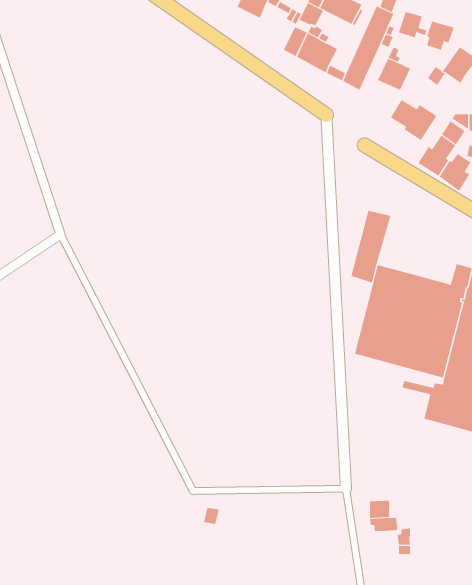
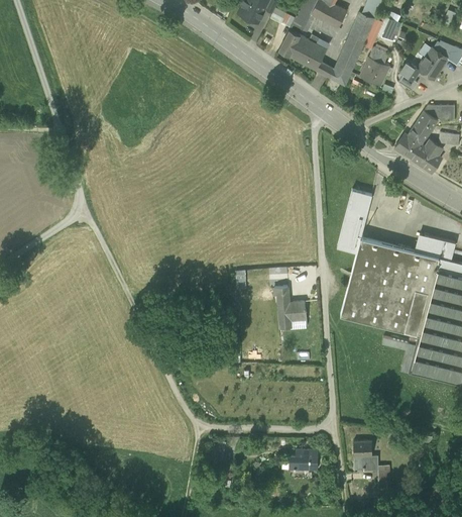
building: [426,21,455,51] -> none
building: [390,99,438,141] -> none
building: none -> [273,287,306,329]
building: none -> [288,451,317,471]

